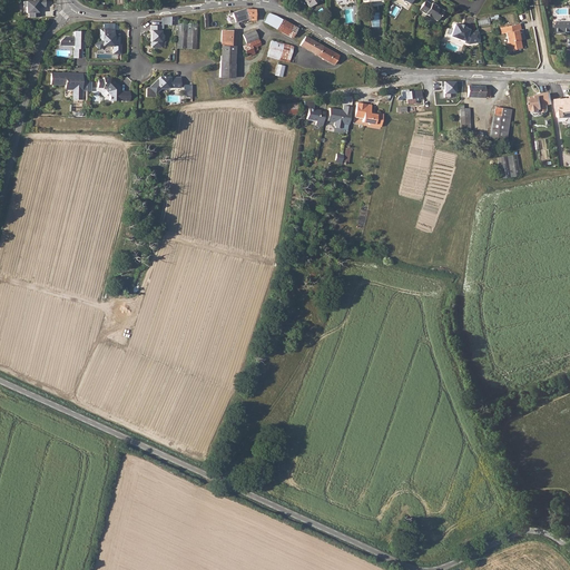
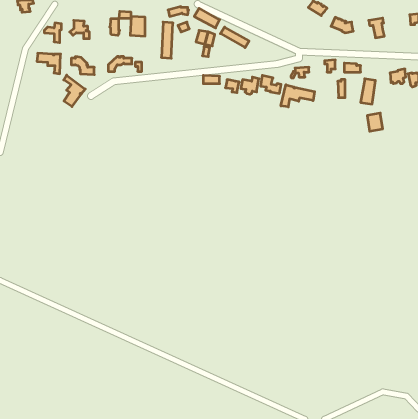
building: none -> [64,75,85,107]
building: none -> [281,85,315,107]

